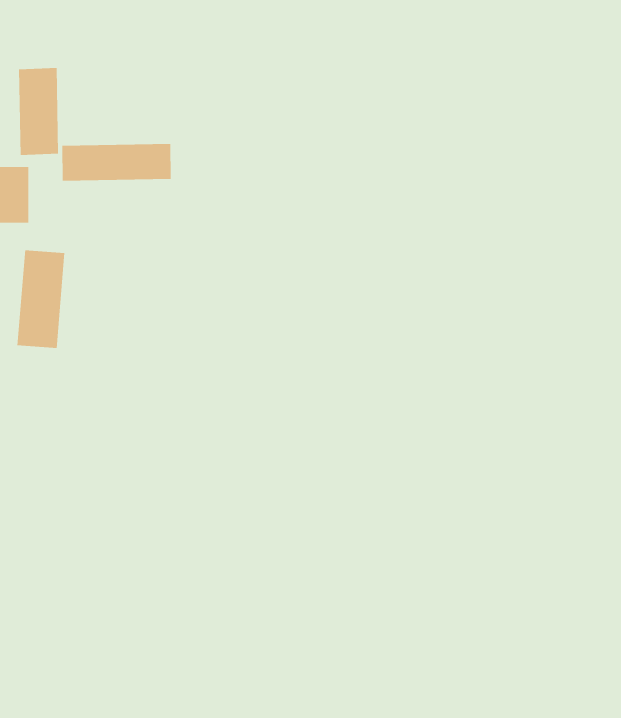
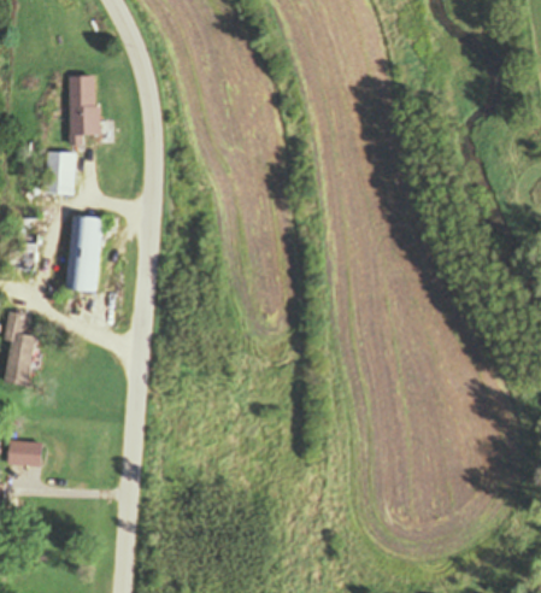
building: [62,143,171,181] -> none

